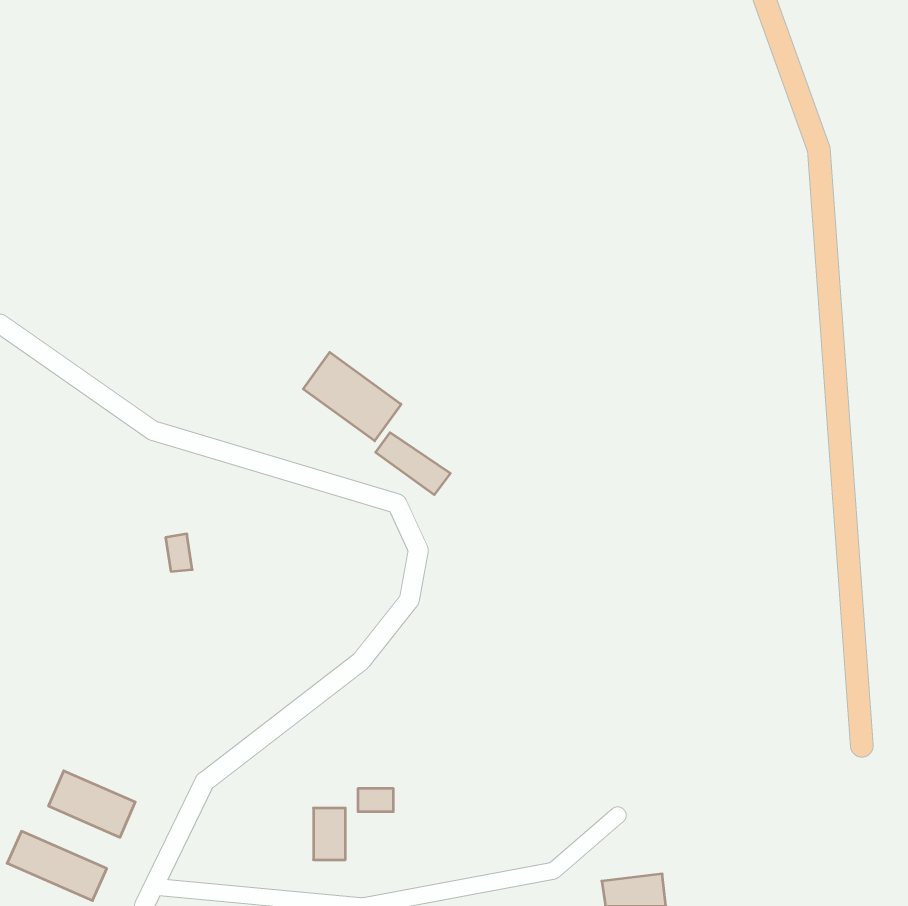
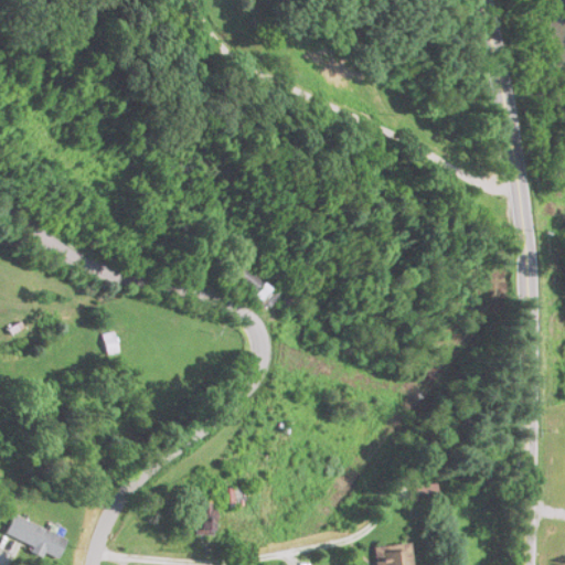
building: [303,352,401,441] -> none
building: [49,771,135,837] -> none

